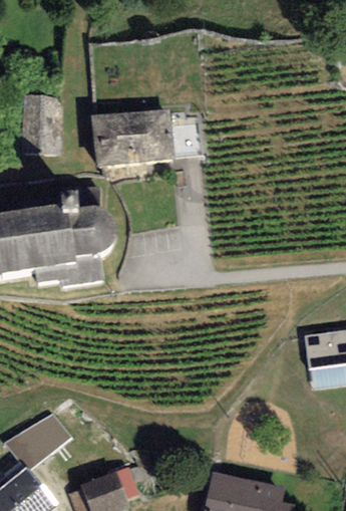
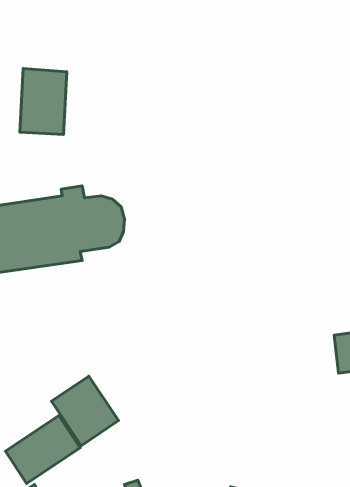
building: [89,106,176,170] -> none
building: none -> [51,376,118,446]

